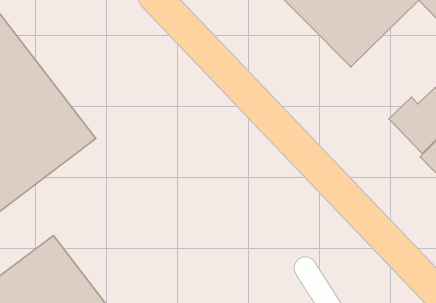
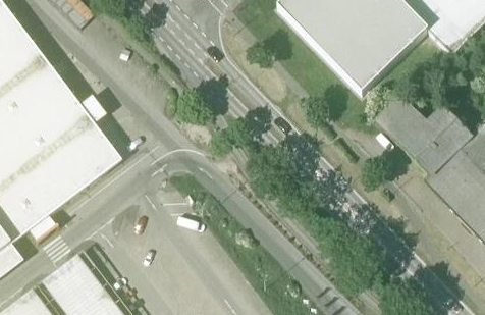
building: none -> [377,99,419,141]

